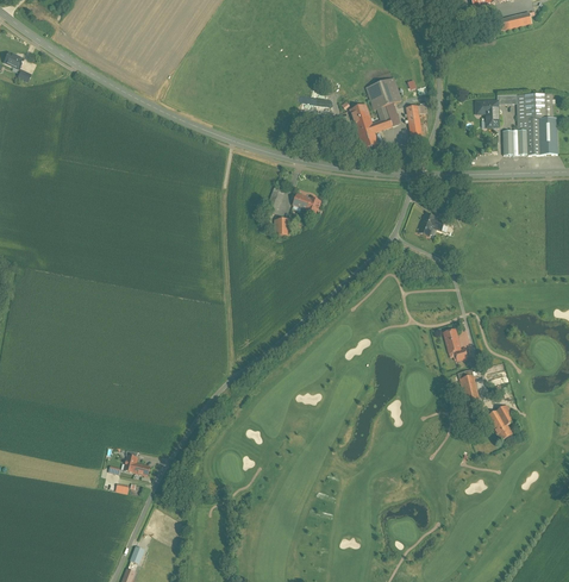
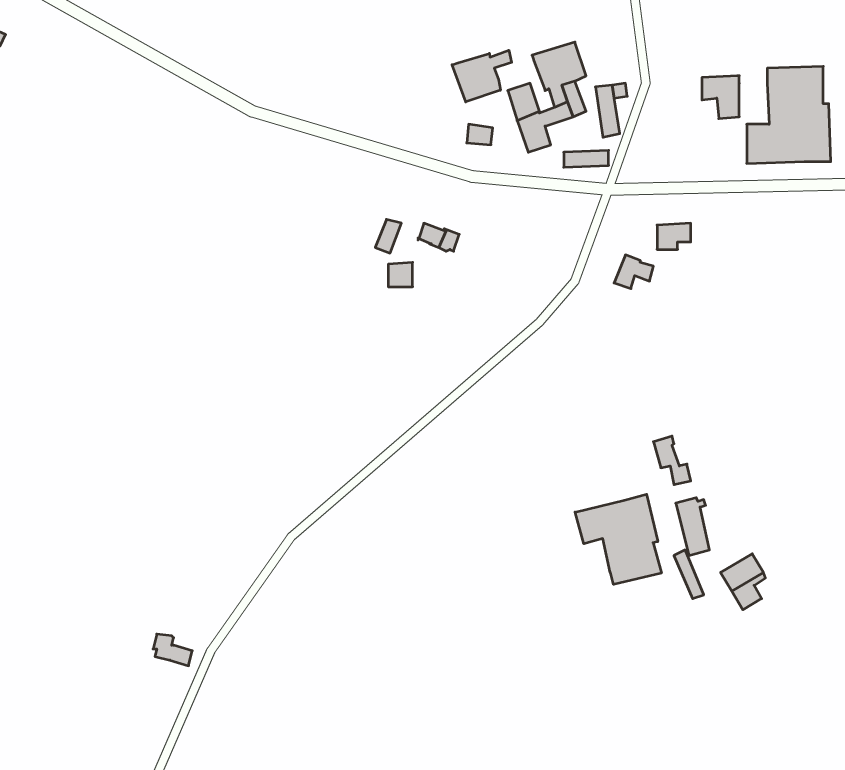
building: none -> [452,50,512,102]
building: none -> [575,494,661,584]

